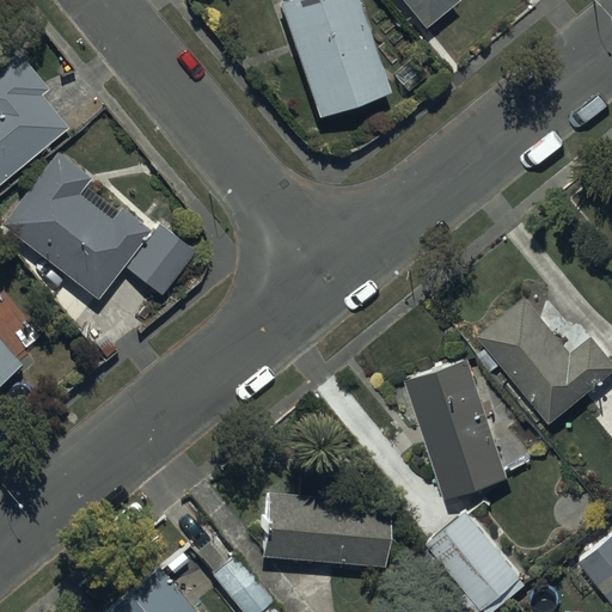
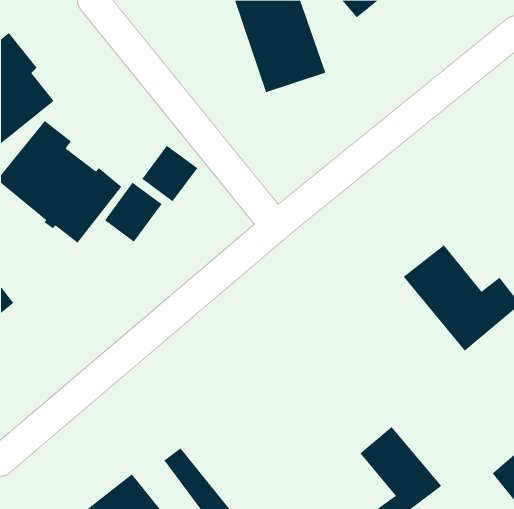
building: none -> [141,145,198,202]
building: [408,359,509,498] -> none
building: [261,495,388,569] -> none

